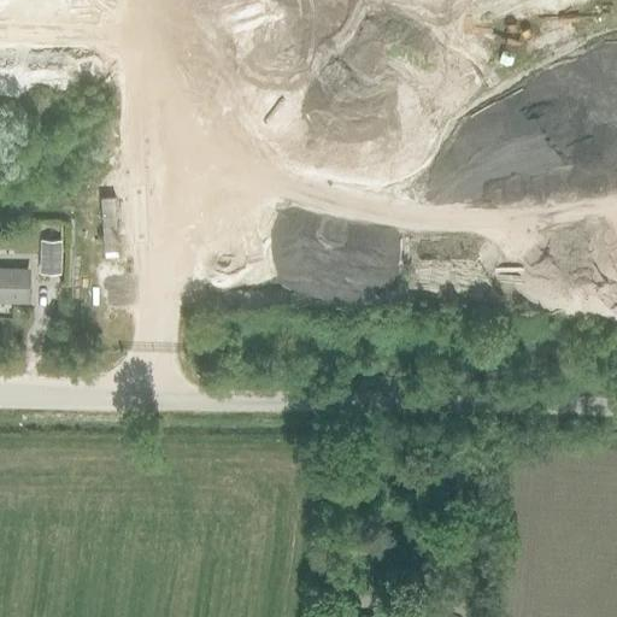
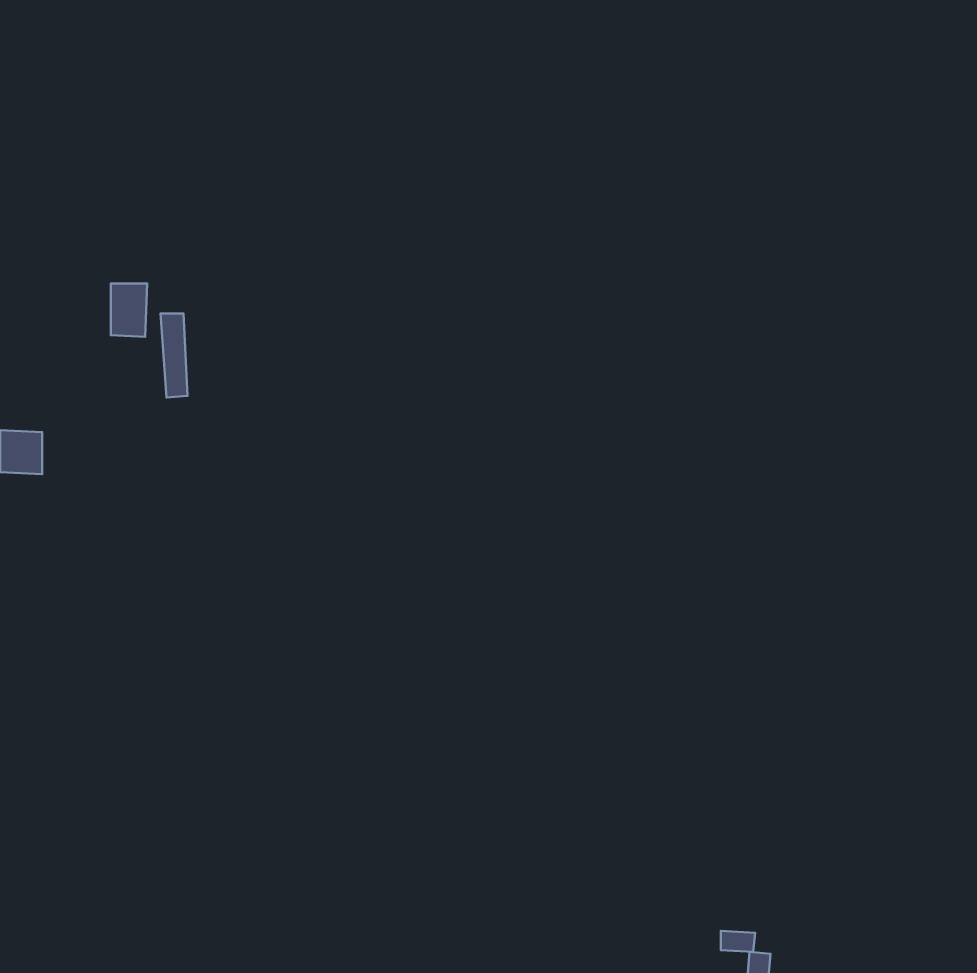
building: [40,242,63,276] -> [111,283,147,337]

